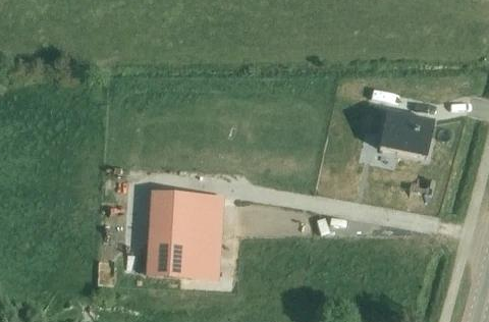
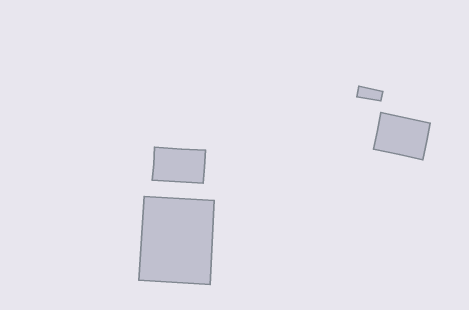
building: none -> [152,147,205,183]

